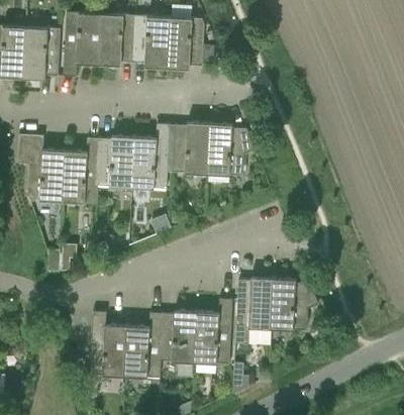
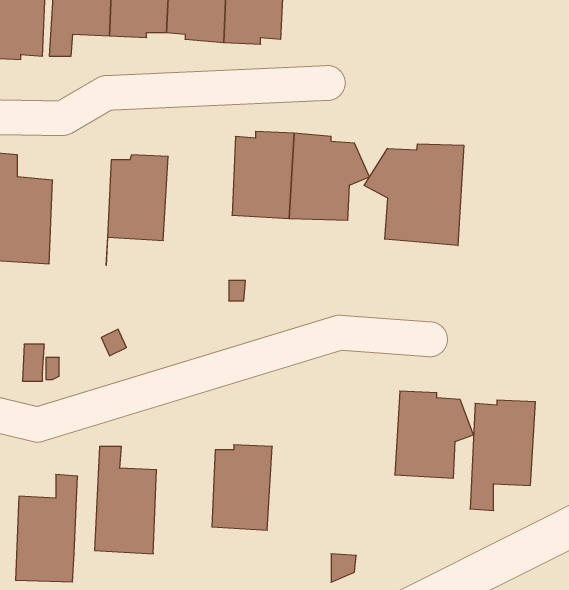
building: [131,124,175,190] -> none
building: none -> [364,144,464,246]
building: [63,138,100,203] -> none
building: [234,278,274,344] -> [470,400,535,511]
building: [194,299,232,365] -> none
building: [125,313,163,378] -> [15,475,78,582]

